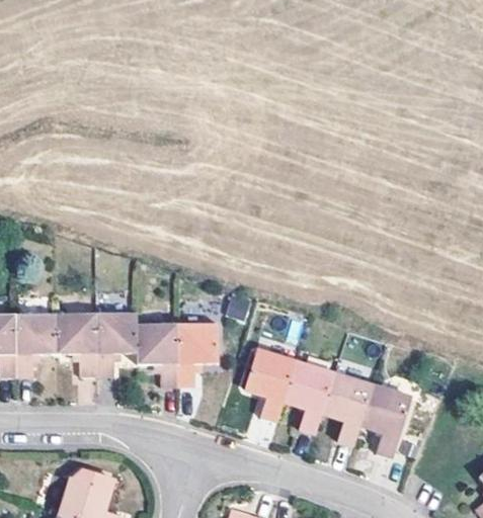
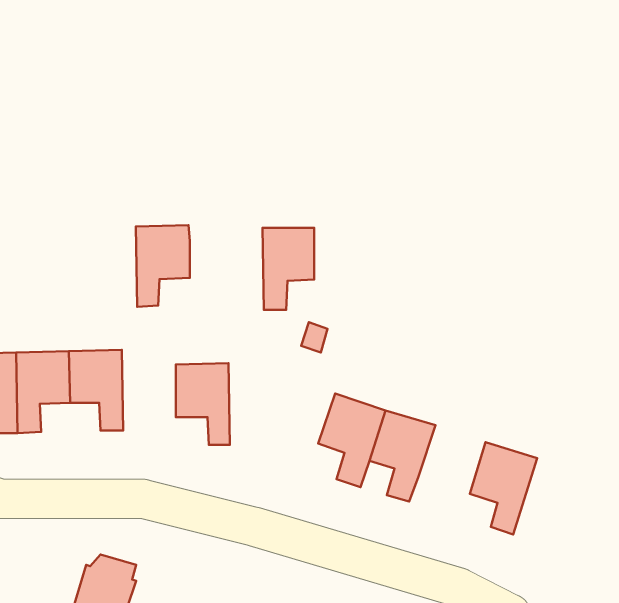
building: [94,312,136,374] -> [136,225,190,307]
building: [176,323,216,385] -> [263,228,314,310]
building: [322,370,374,442] -> none

